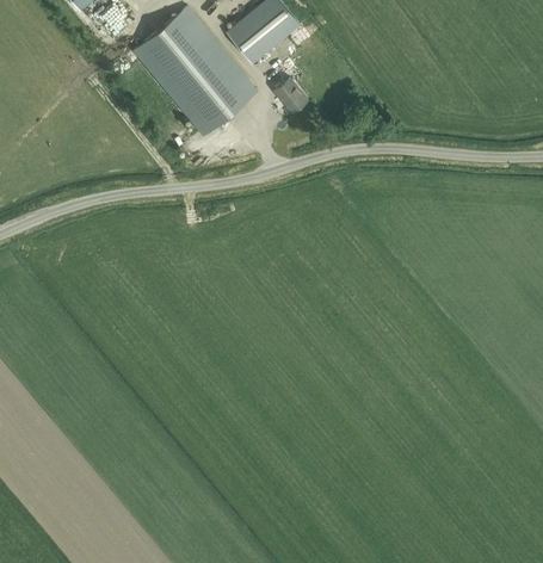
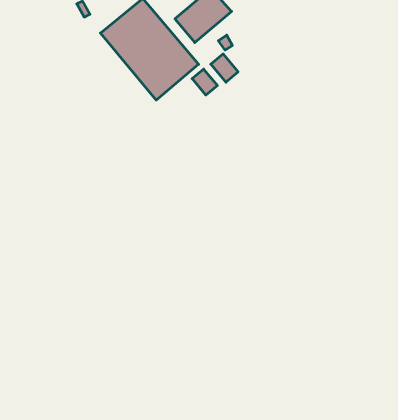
building: none -> [192,69,217,95]

